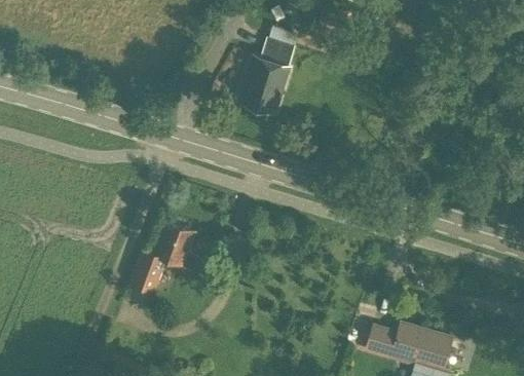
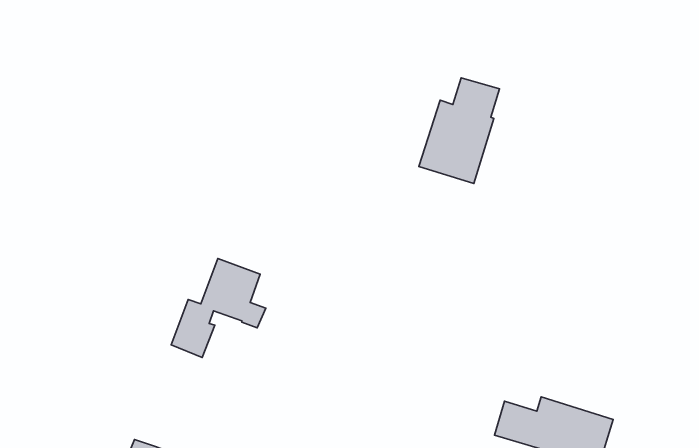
building: [235,38,294,115] -> [419,78,499,184]

